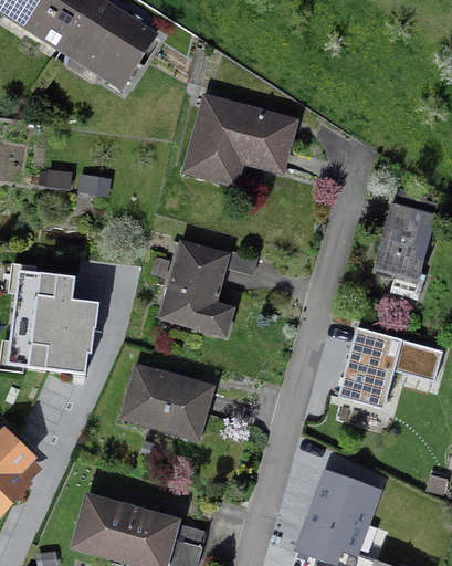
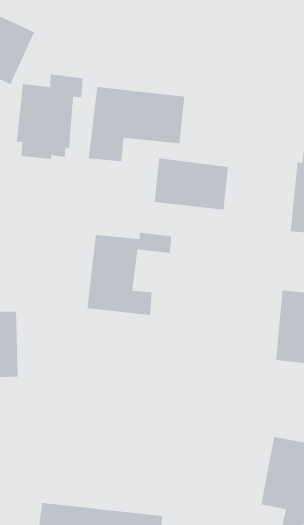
building: none -> [16,74,84,160]
building: none -> [154,158,229,210]
building: [124,369,209,429] -> none

